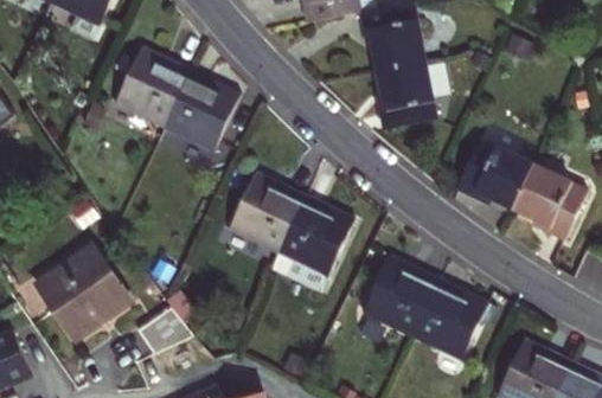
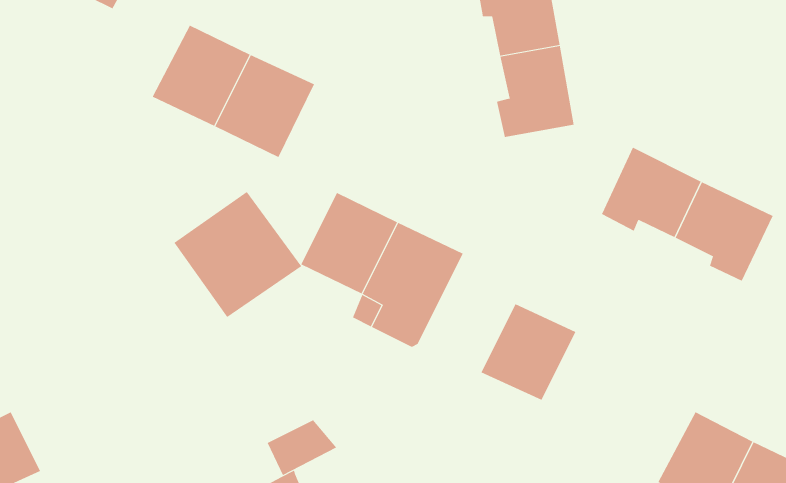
building: [33,250,130,346] -> [174,191,302,318]
building: [411,277,485,352] -> none
building: [130,315,184,358] -> [267,419,337,476]

